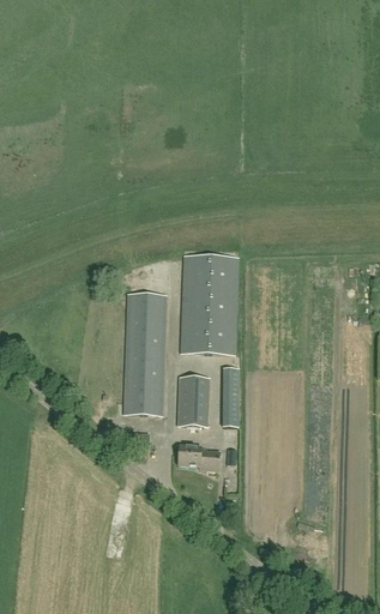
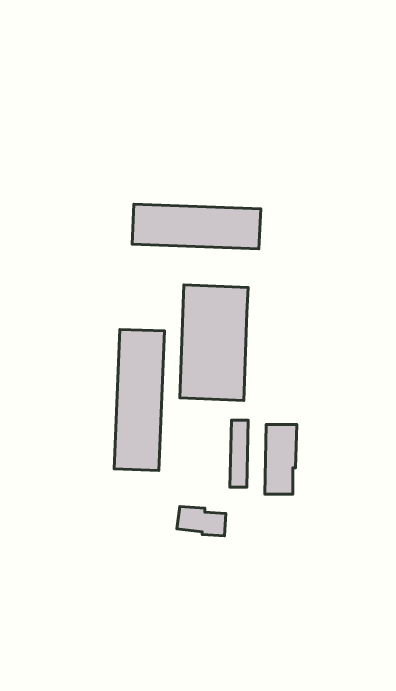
building: none -> [132,204,261,249]
building: [179,368,206,428] -> [265,424,297,494]

